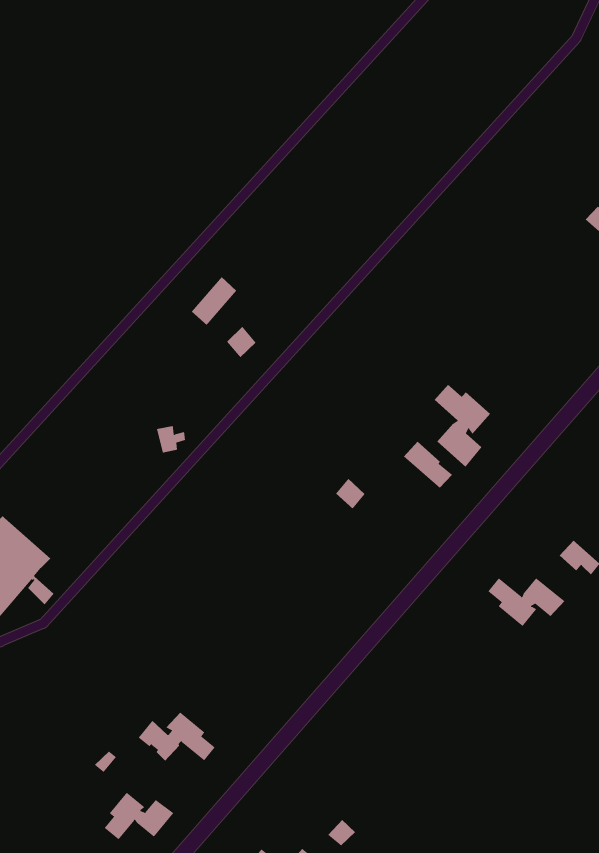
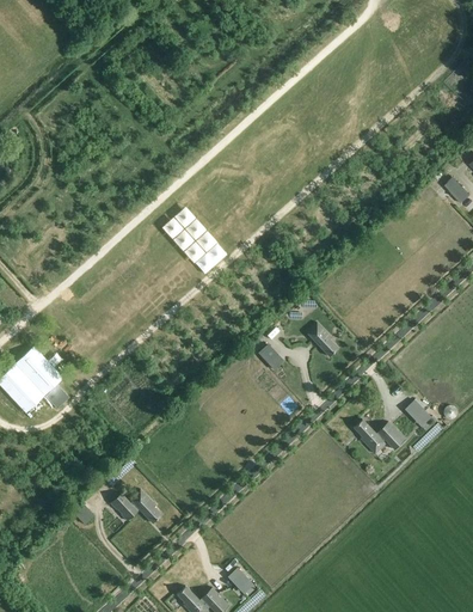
building: [434,384,491,468] -> none
building: [104,792,174,840] -> none

